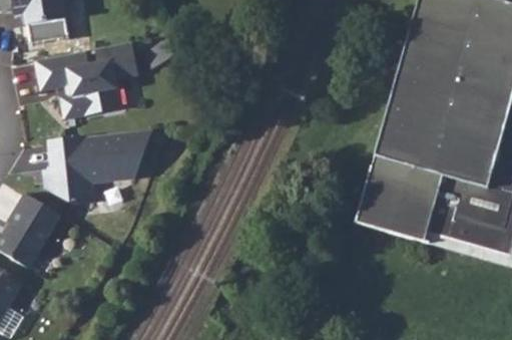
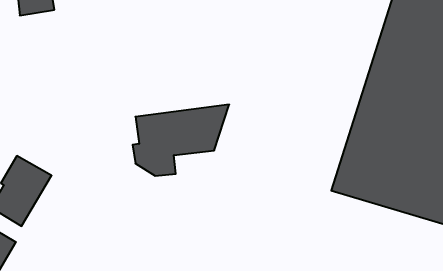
building: [32,33,134,112] -> none
building: [47,124,150,201] -> [133,105,229,176]

